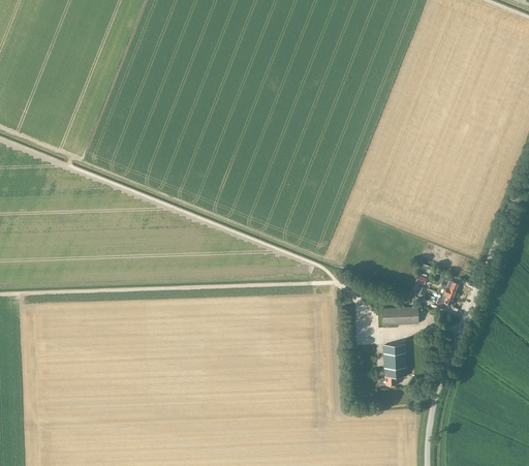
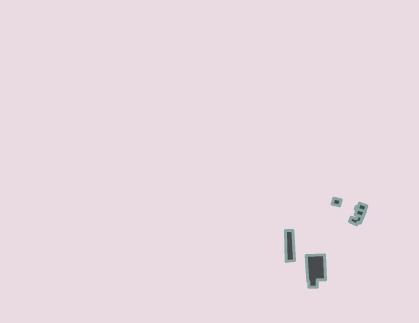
building: [381,307,417,324] -> none

